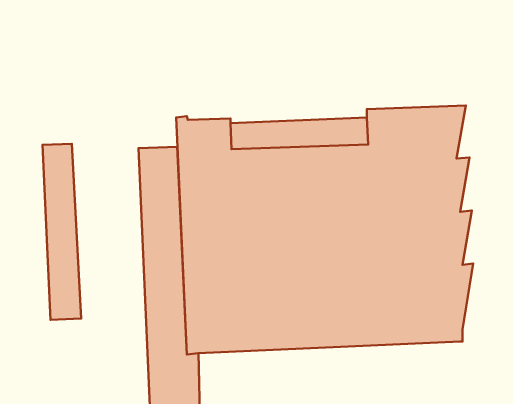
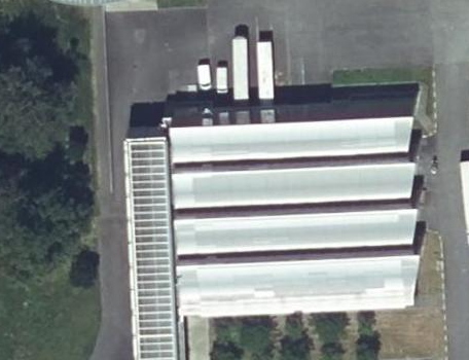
building: [43,144,81,320] -> none

